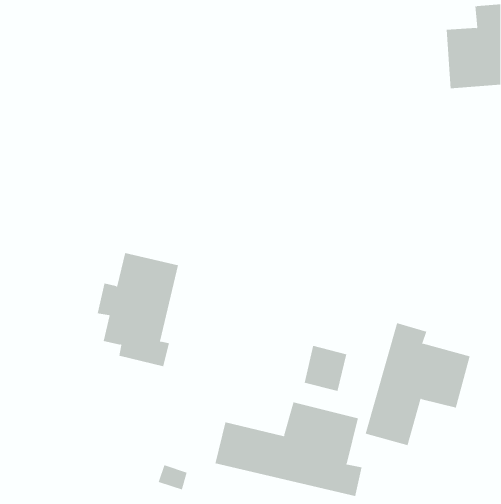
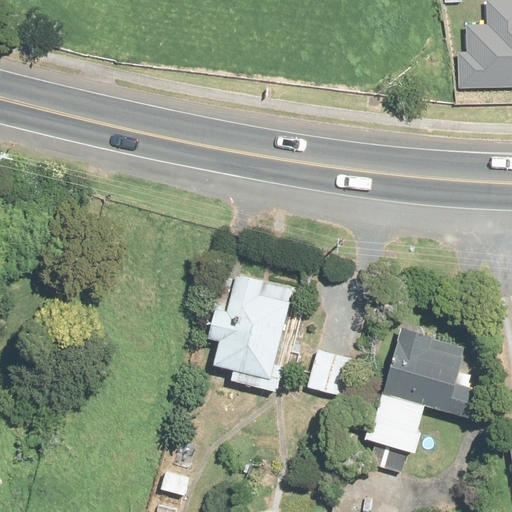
building: [97,252,179,367] -> [209,275,292,391]
building: [215,401,362,497] -> none

